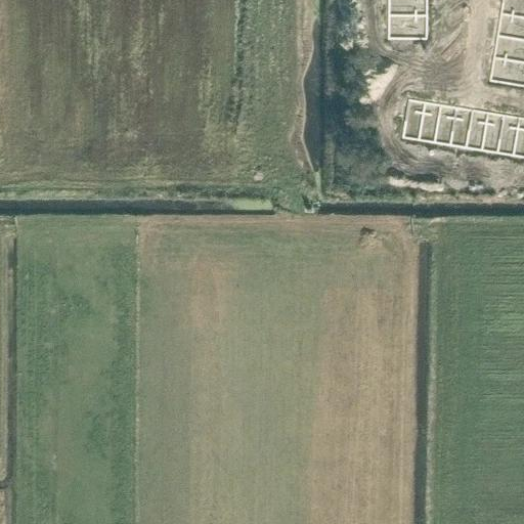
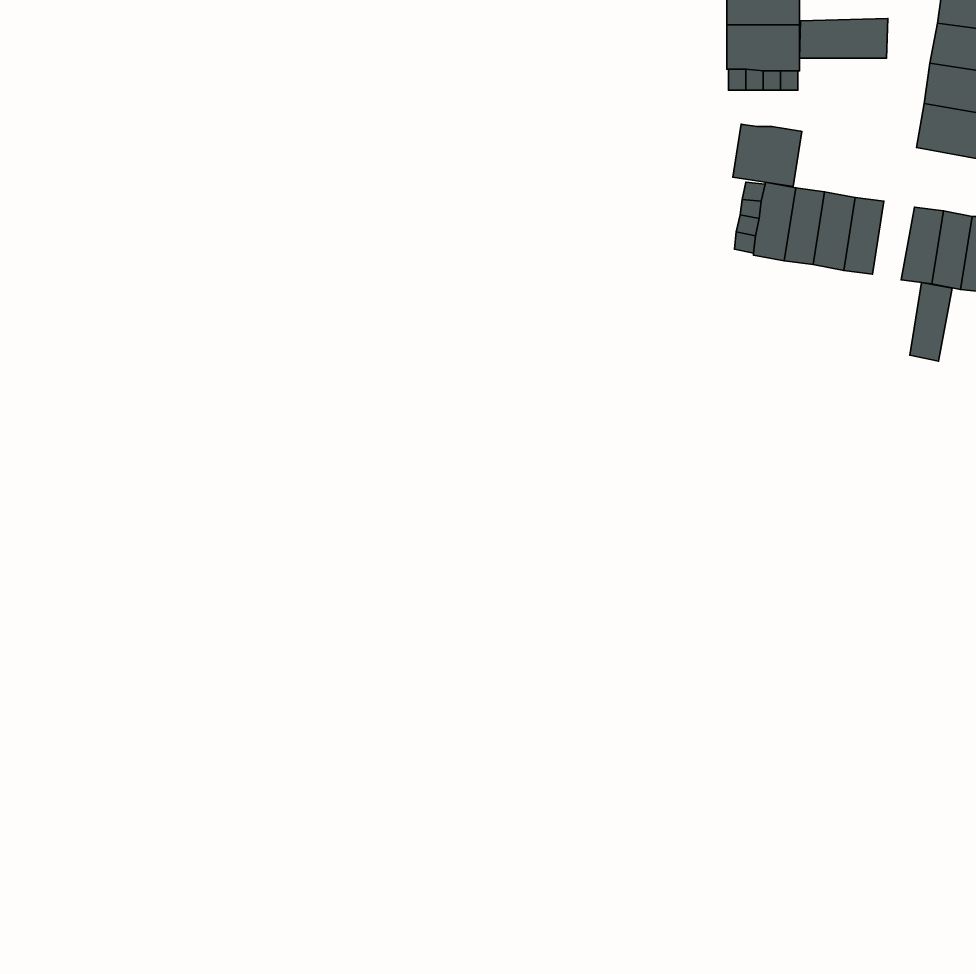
building: none -> [800,19,888,58]
building: none -> [733,124,802,187]
building: [468,107,490,149] -> [910,282,952,361]

